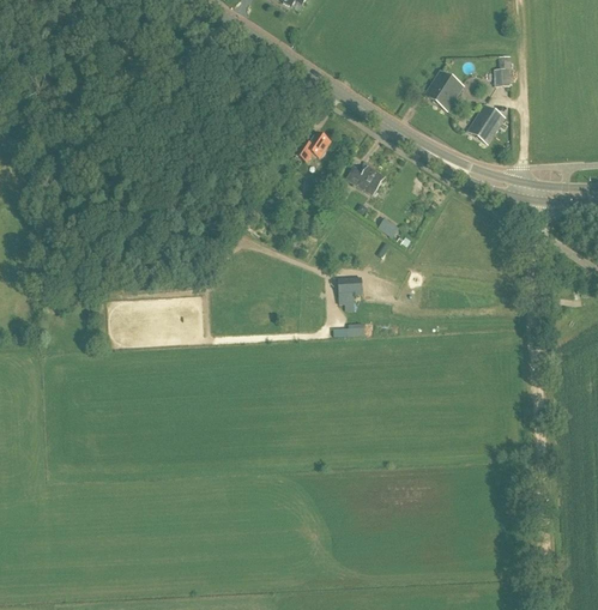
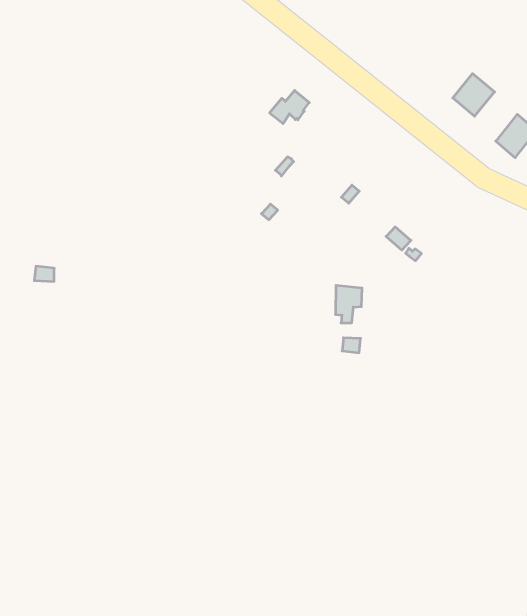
building: [296,132,331,163] -> [270,90,309,124]
building: [346,167,385,195] -> none

